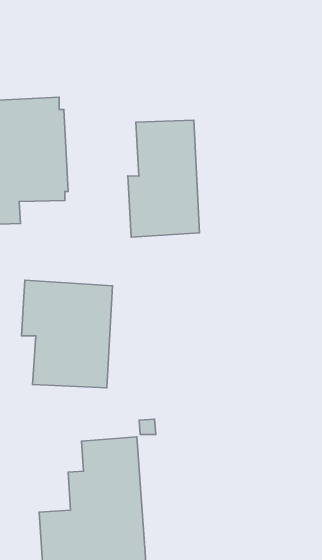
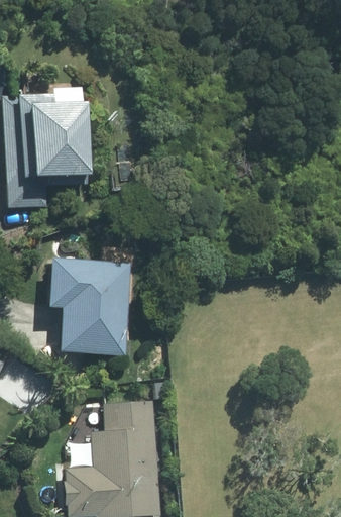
building: [128,120,199,237] -> none

